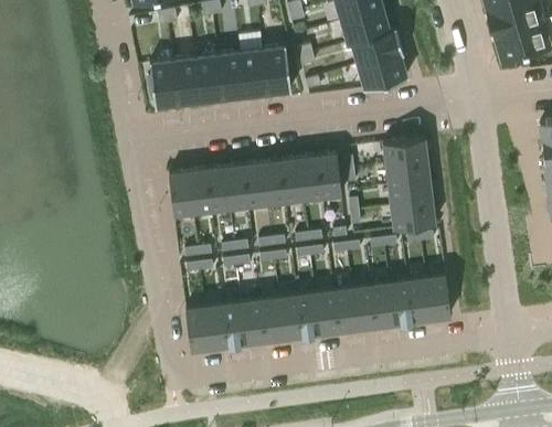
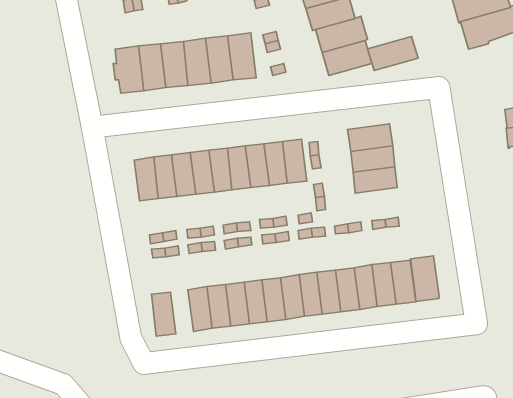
building: none -> [368,36,418,70]
building: [391,202,436,229] -> none
building: none -> [410,256,439,302]
building: [205,305,229,349] -> none

